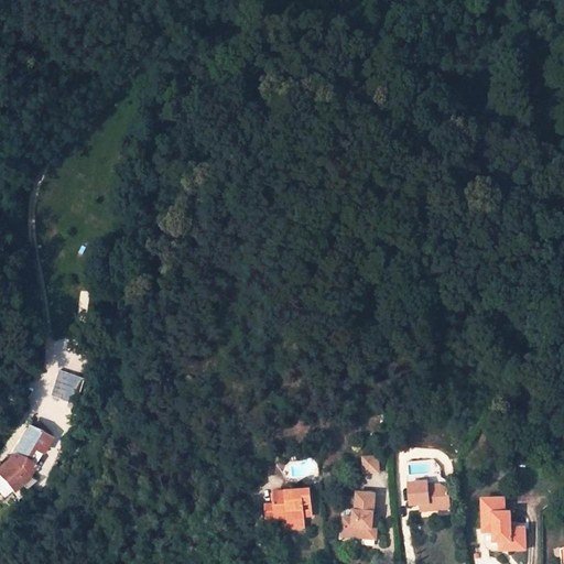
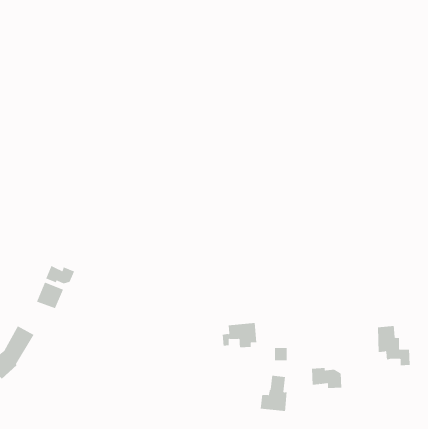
building: none -> [46,265,75,284]
building: [264,489,311,522] -> [222,323,257,348]
building: [480,497,524,550] -> [377,326,411,366]

